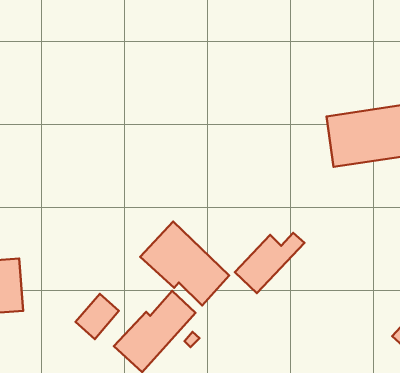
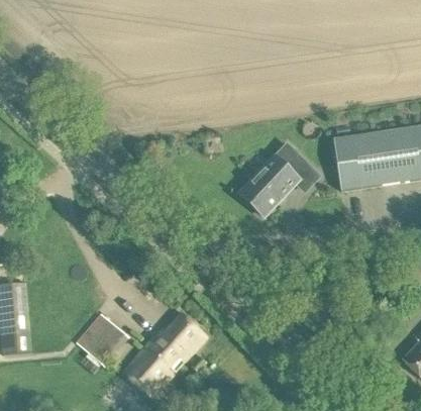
building: [140,221,229,305] -> none
building: [235,233,304,293] -> [240,155,310,215]

